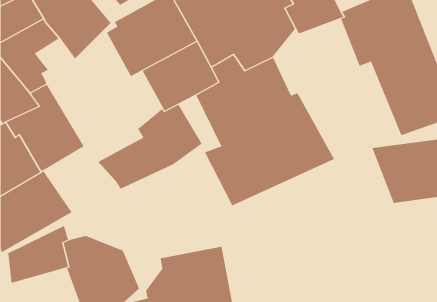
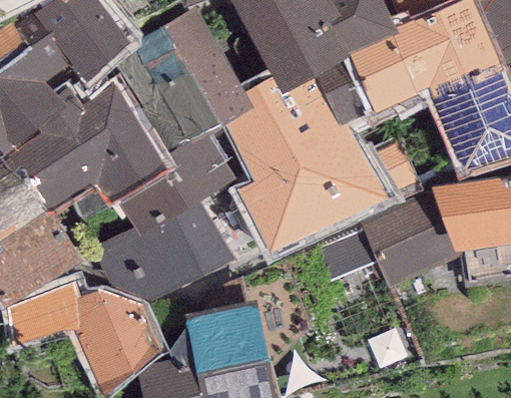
building: none -> [317,37,417,125]
building: none -> [49,84,165,206]
building: none -> [360,186,456,286]
building: none -> [90,206,235,301]

